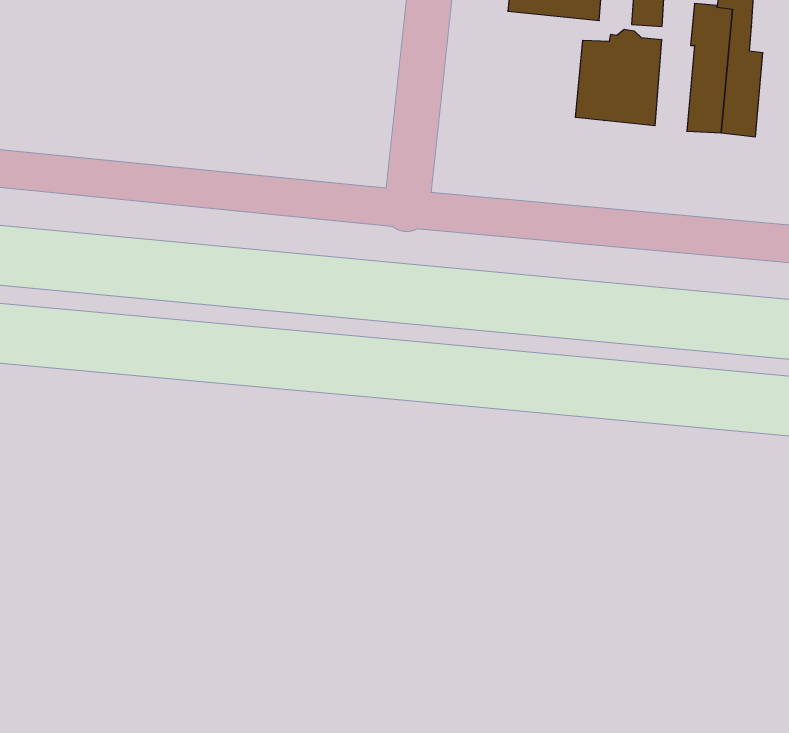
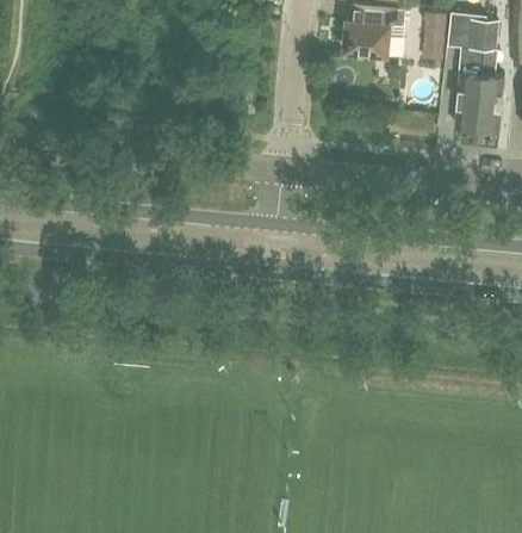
building: [576,29,662,126] -> none

